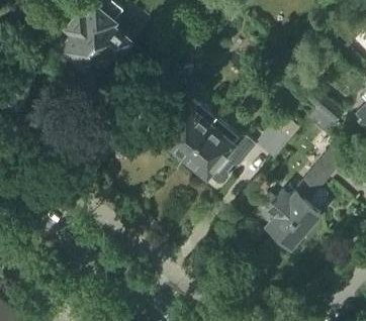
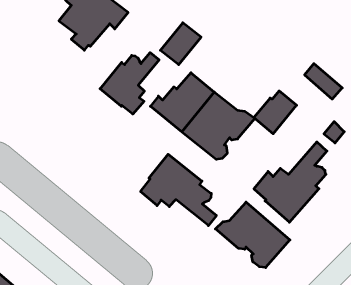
building: none -> [100,53,159,114]
building: none -> [141,154,216,226]
building: none -> [215,202,290,268]

